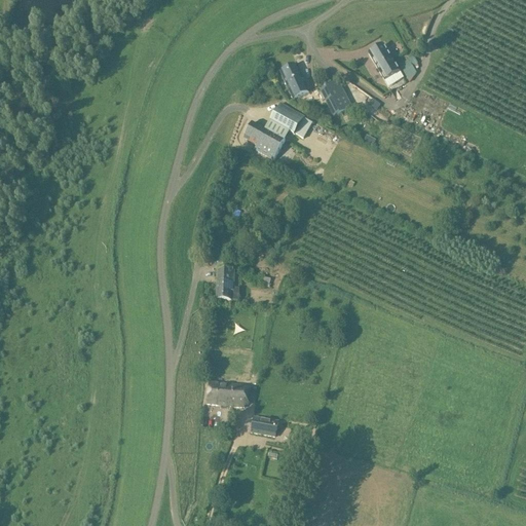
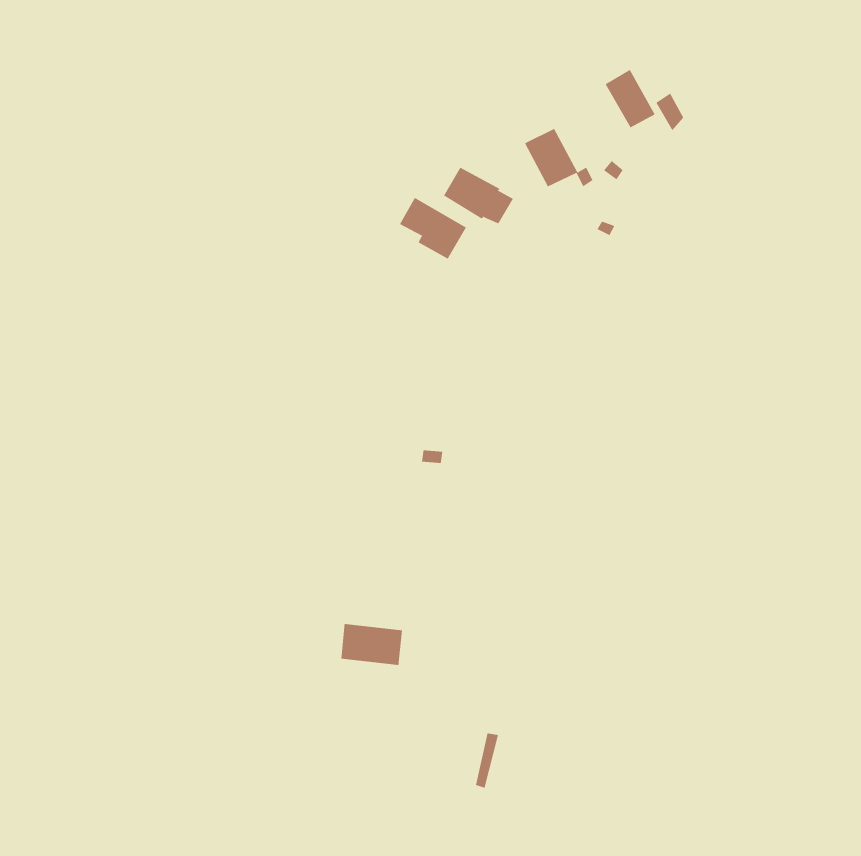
building: [279,62,309,99] -> none
building: [217,266,234,298] -> none
building: [251,414,278,436] -> none

